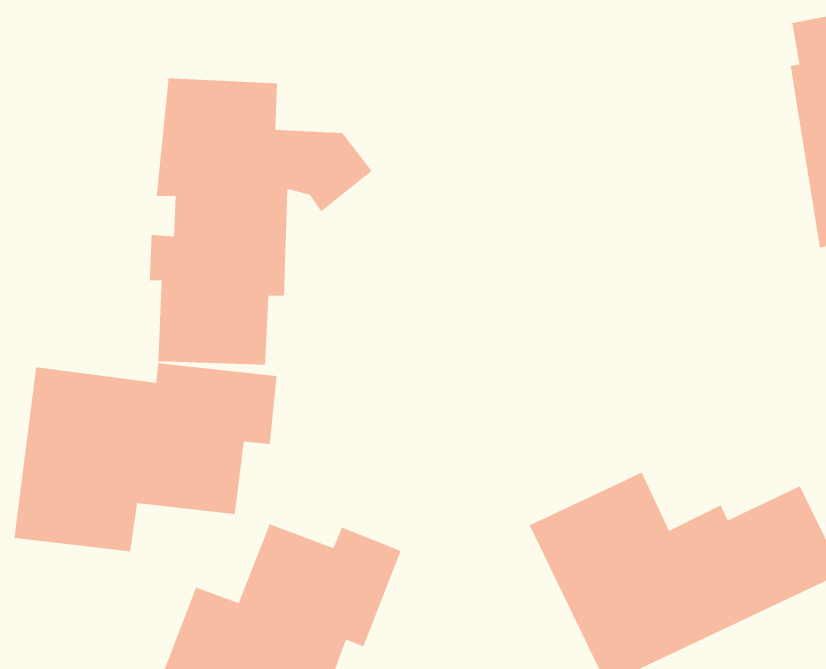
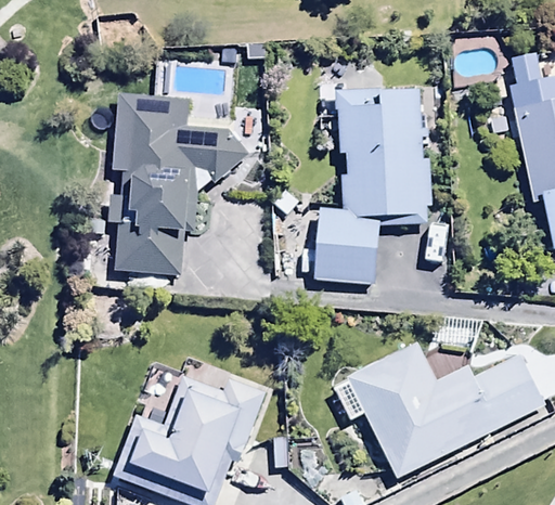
building: none -> [314,88,434,283]
building: [14,362,277,552] -> none

